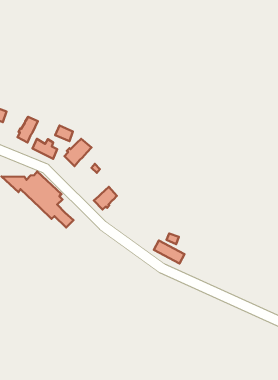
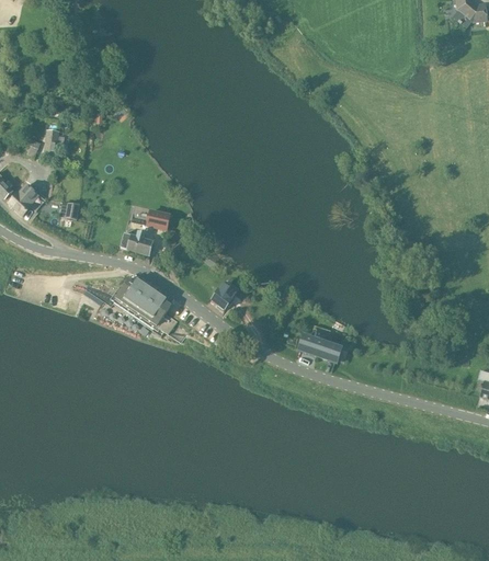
building: [17,117,38,142] -> none
building: [64,139,91,166] -> none

